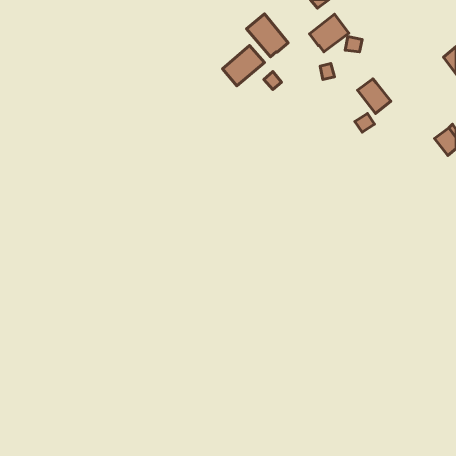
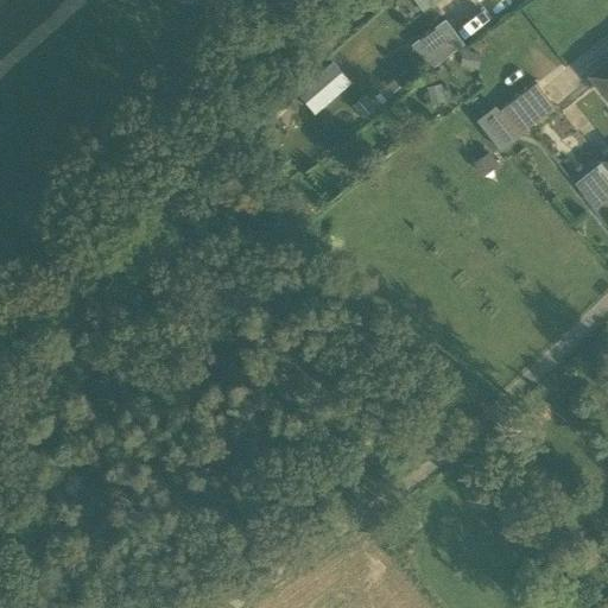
building: [247,14,288,57] -> none
building: none -> [500,83,555,134]

